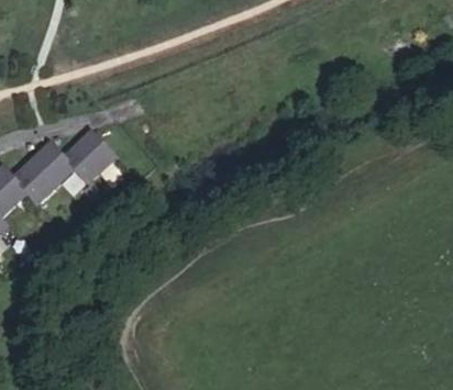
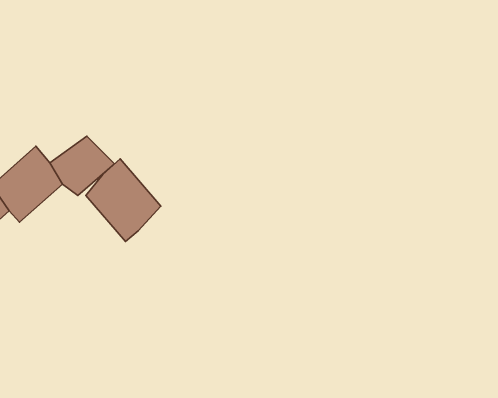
building: none -> [86,159,161,241]

